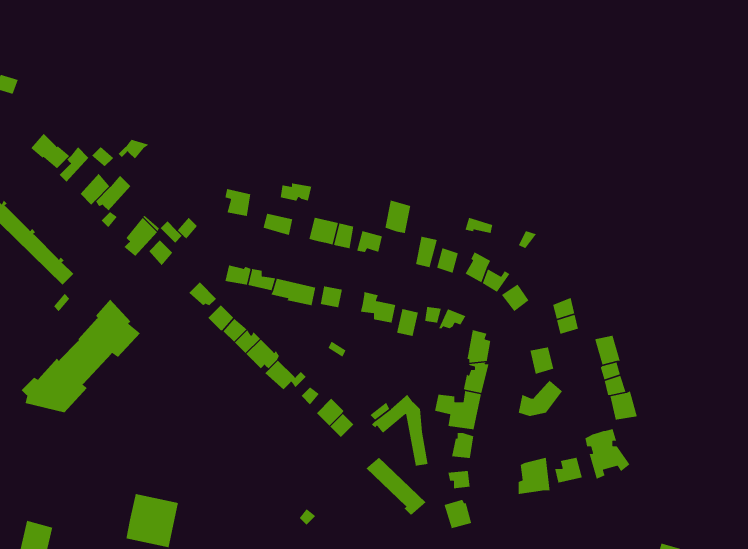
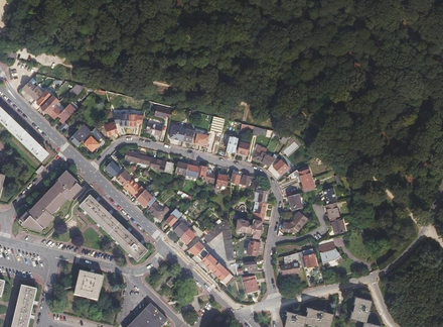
building: none -> [81,195,148,260]

